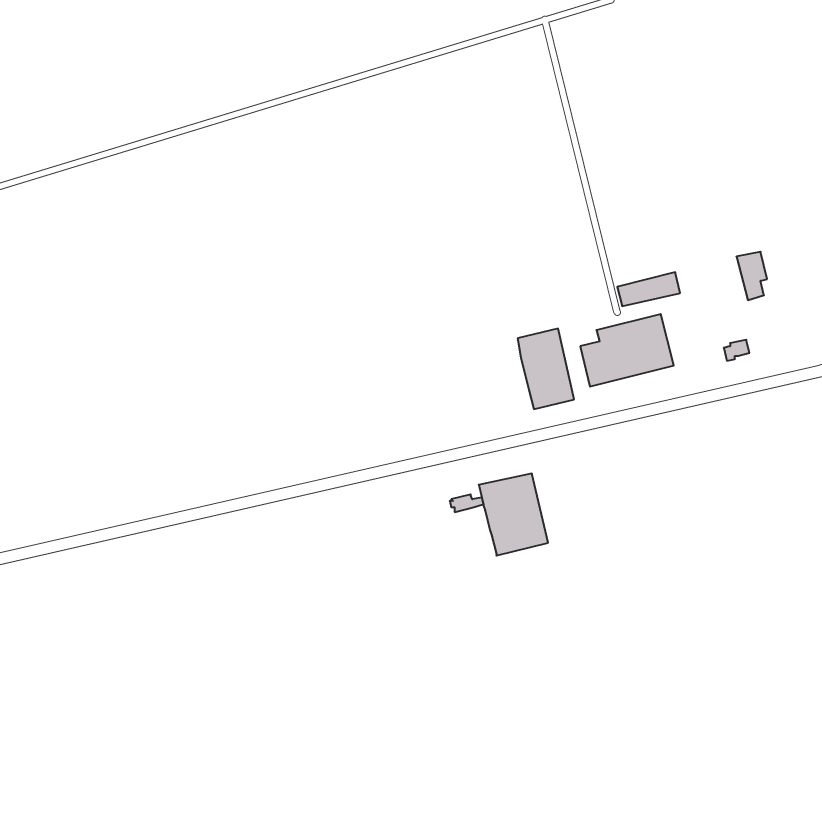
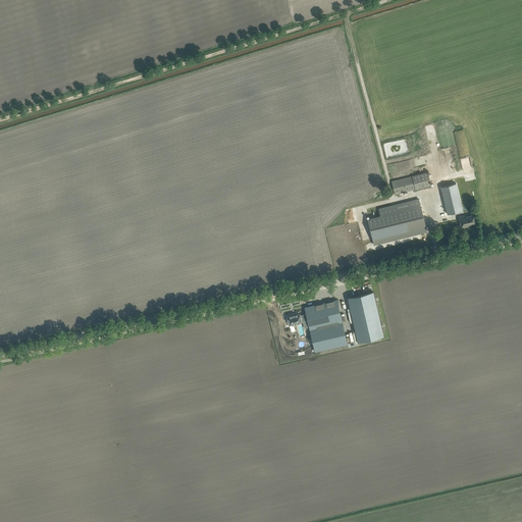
building: [736,252,767,300] -> [439,184,459,214]
building: [518,329,574,409] -> [347,291,382,342]

